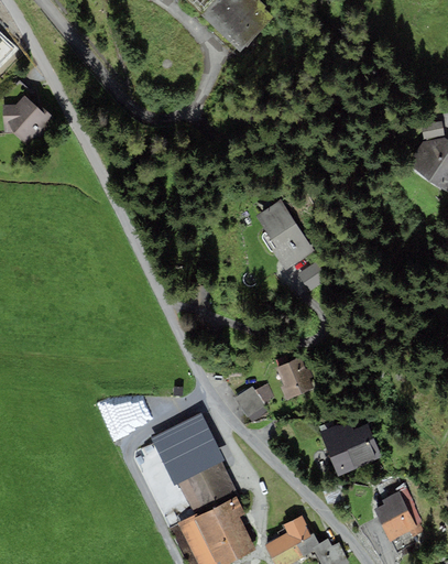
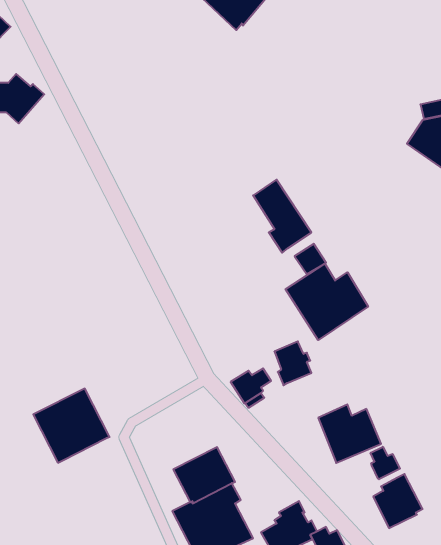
building: none -> [286,263,368,340]
building: [150,413,225,486] -> [33,389,110,463]
building: none -> [371,447,400,479]

